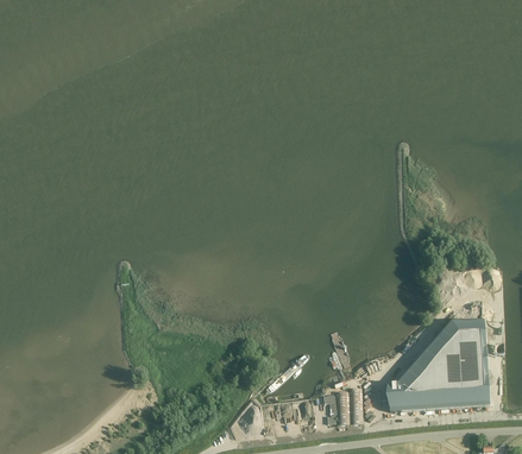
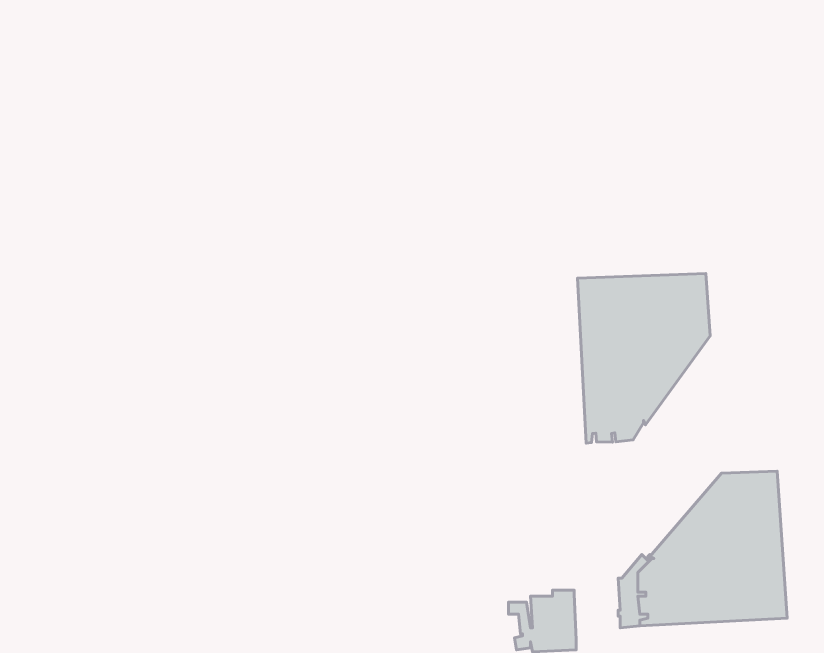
building: none -> [577,273,710,443]

